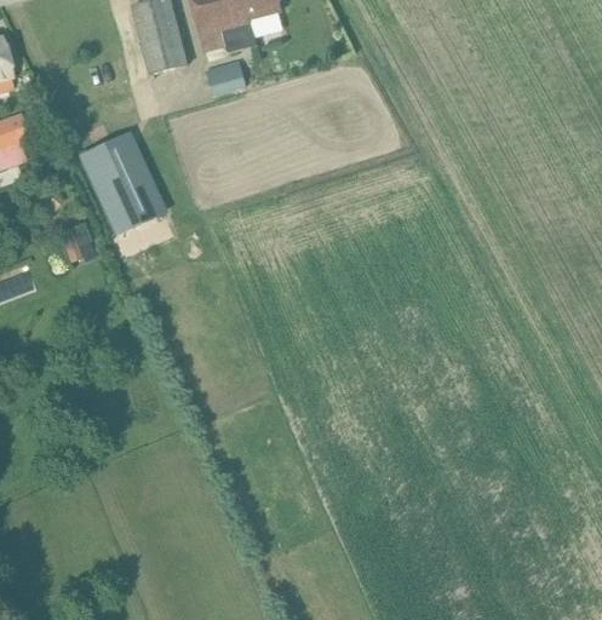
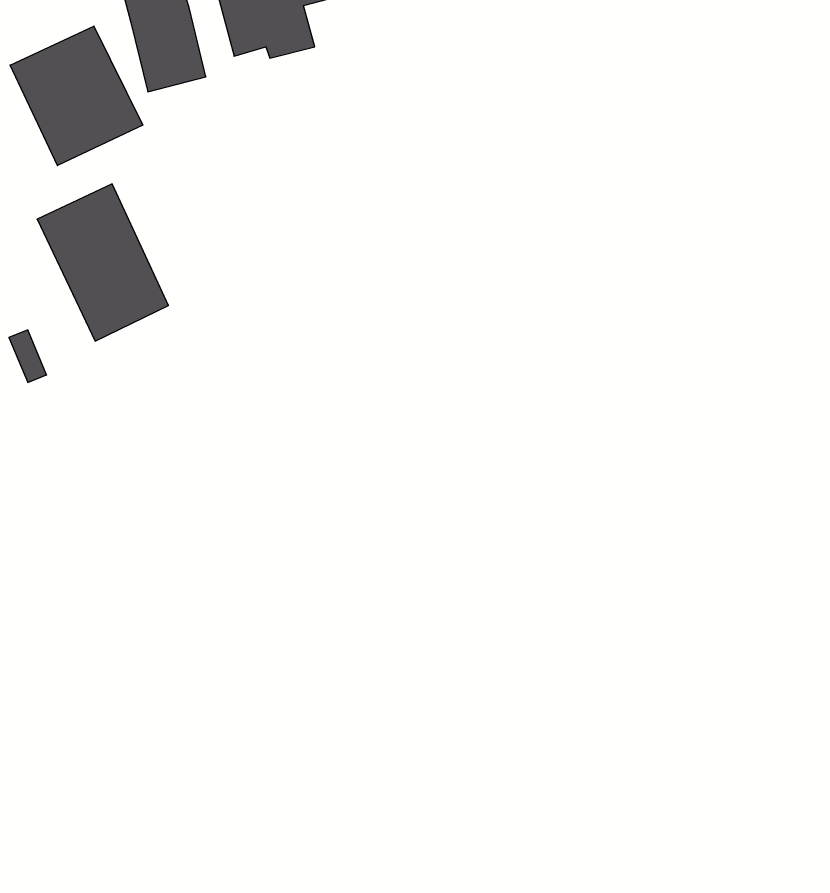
building: none -> [10,26,143,166]
building: [206,59,246,93] -> none

